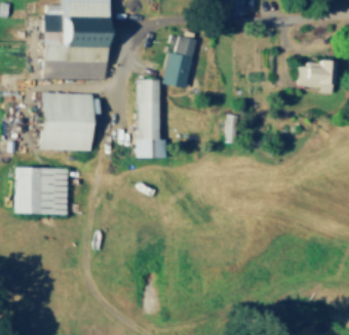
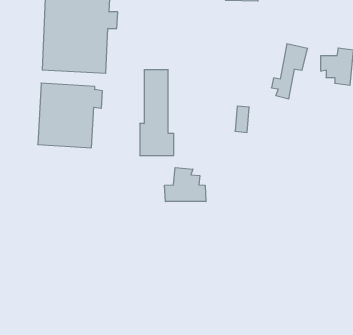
building: [164,35,198,86] -> [271,44,308,99]
building: [14,166,71,216] -> none
building: none -> [165,168,206,202]

